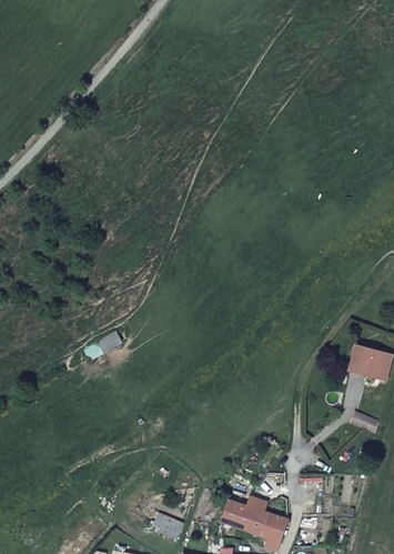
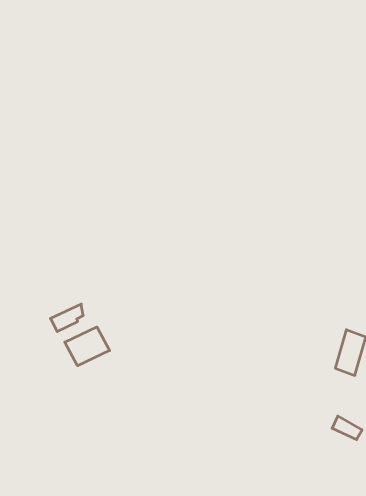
building: none -> [65,327,110,366]

